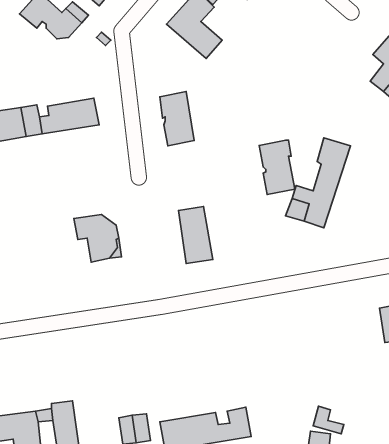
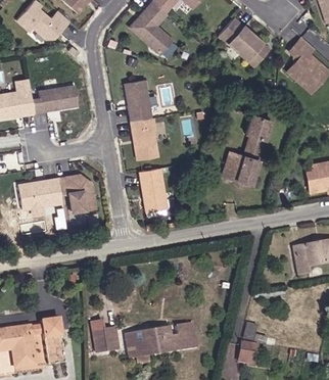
building: none -> [219,18,270,66]
building: [259,140,295,194] -> [131,117,158,159]
building: none -> [18,178,62,209]

